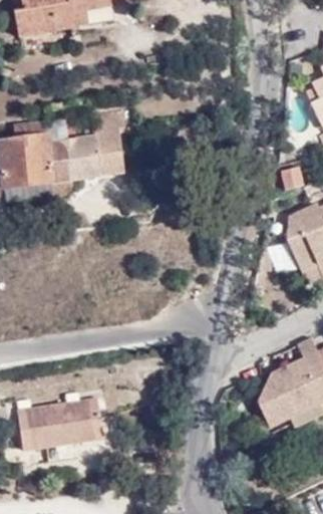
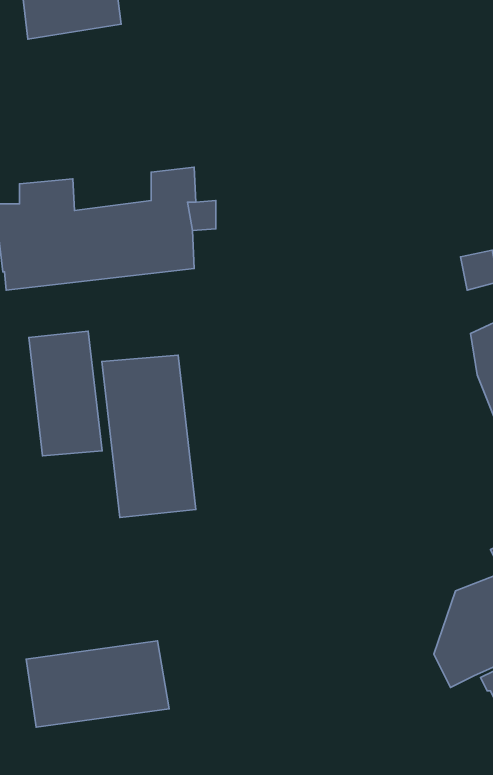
building: none -> [29,331,102,456]
building: none -> [102,355,196,517]

